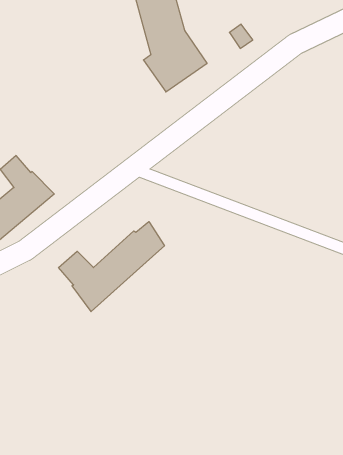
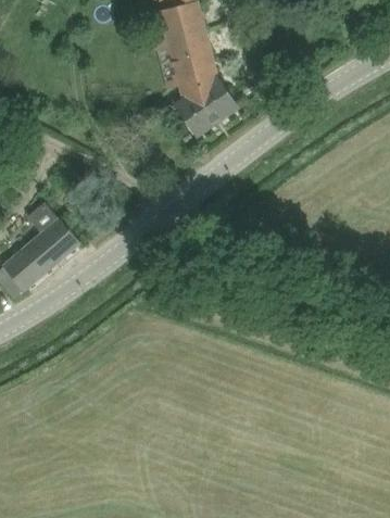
building: [59,222,164,312] -> none

